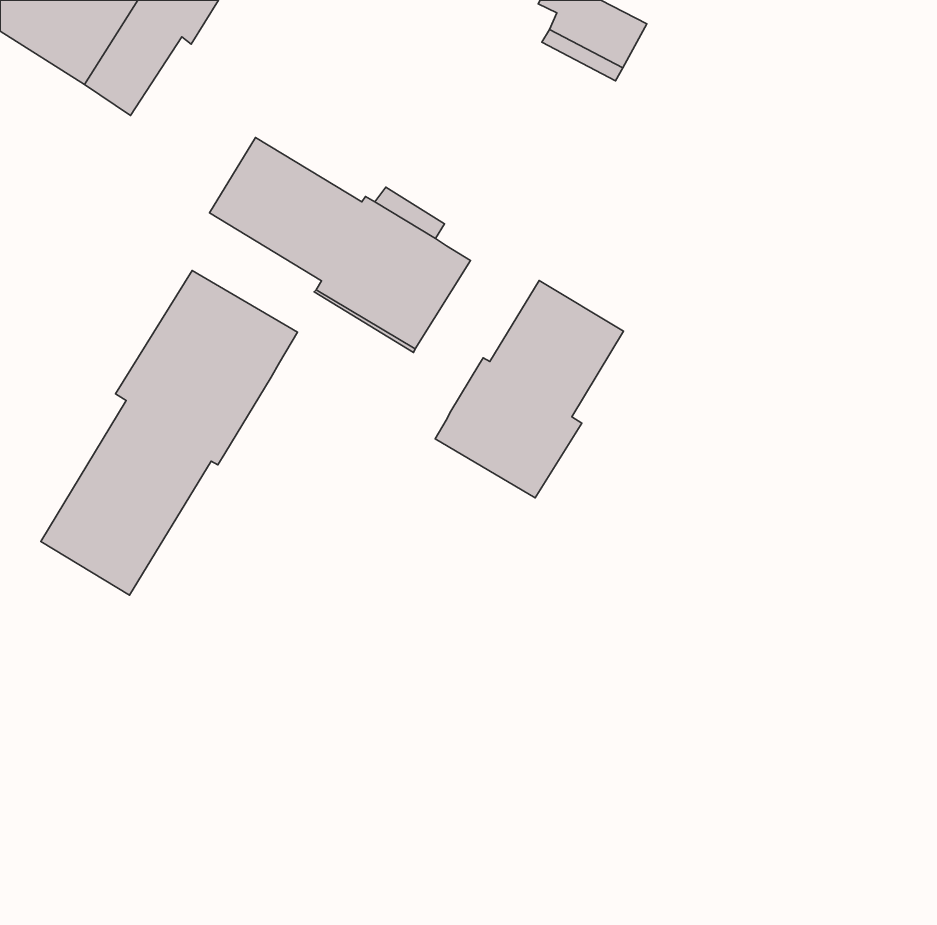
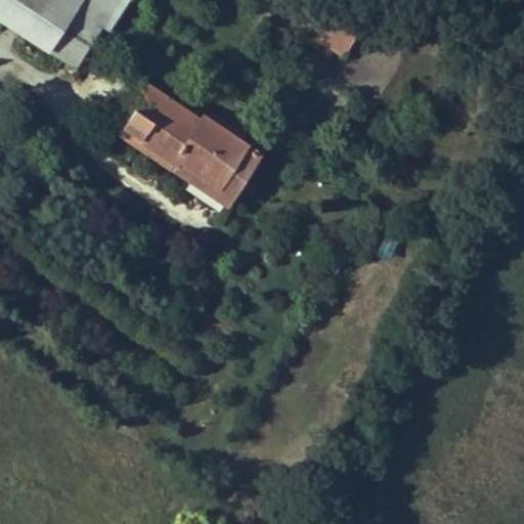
building: [41,270,298,595] -> none
building: [435,280,624,498] -> none

